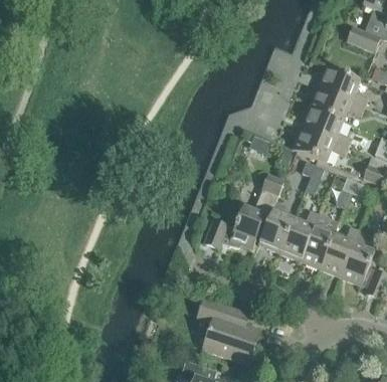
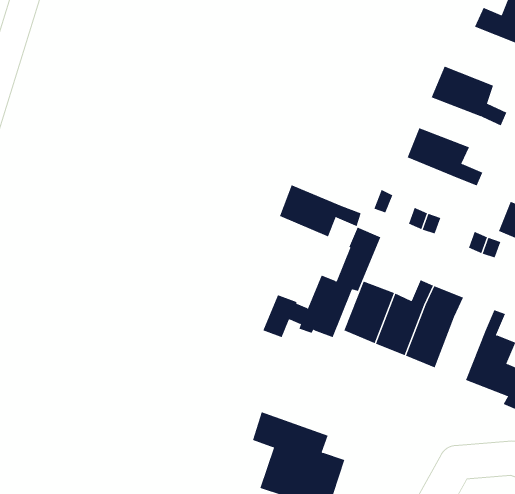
building: [309,87,364,121] -> none
building: [293,128,348,163] -> [279,185,362,237]
building: [320,221,359,276] -> none

